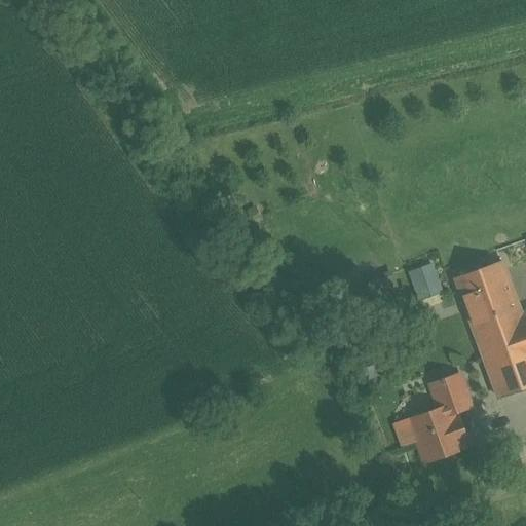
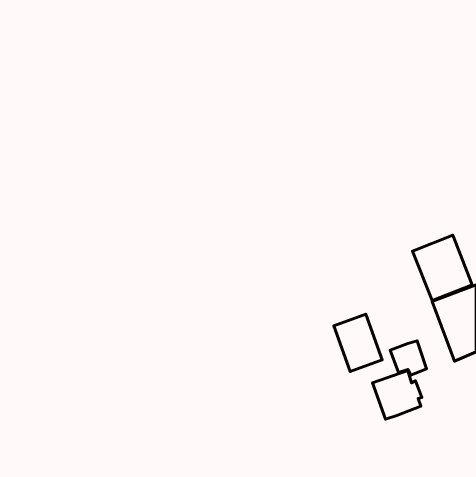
building: [412,262,447,299] -> none
building: none -> [334,314,382,371]

